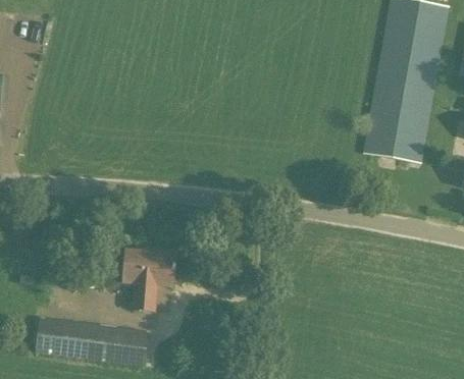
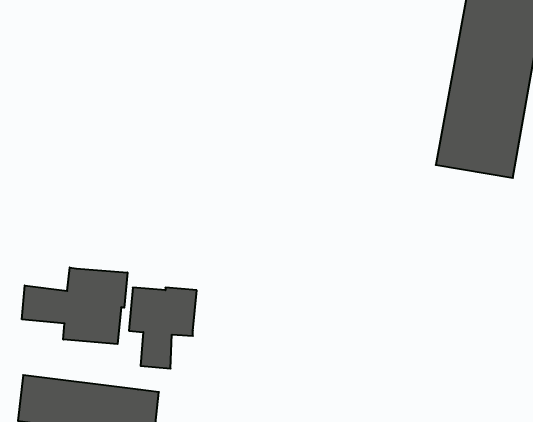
building: none -> [22,267,127,344]

